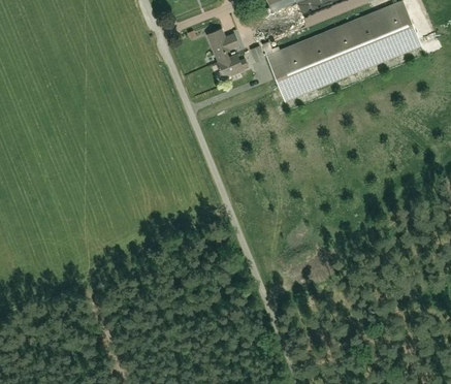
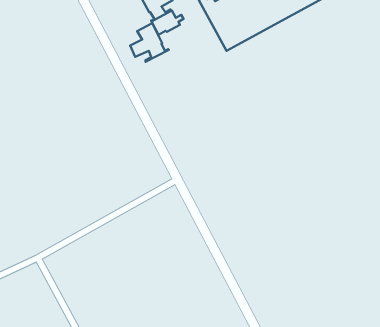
building: none -> [130,23,169,62]

